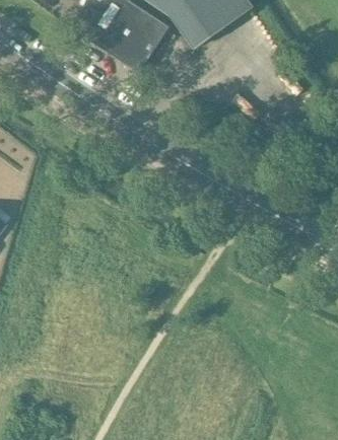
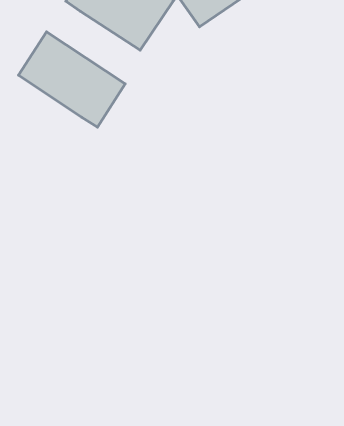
building: none -> [18,32,125,127]

